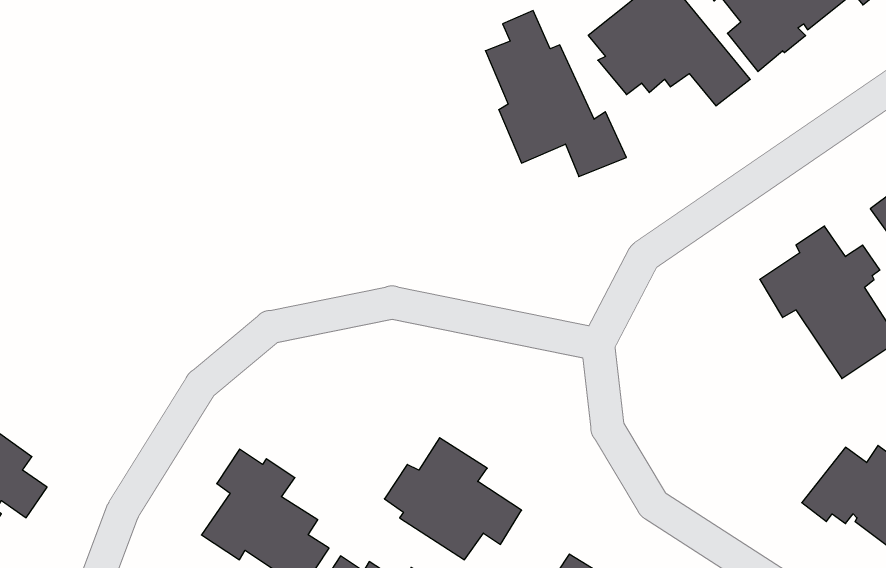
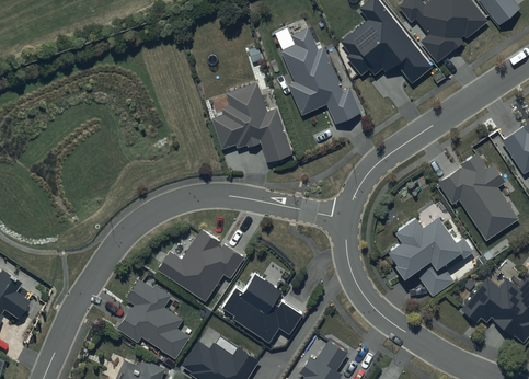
building: none -> [211,83,294,161]
building: none -> [389,218,474,297]
building: none -> [159,230,244,301]

